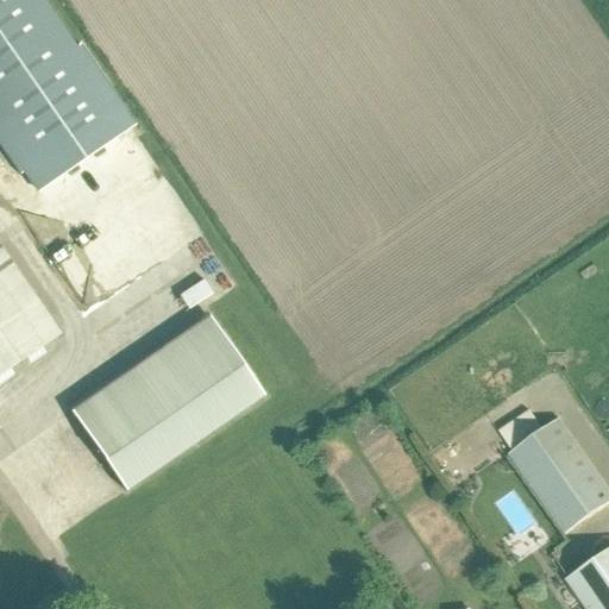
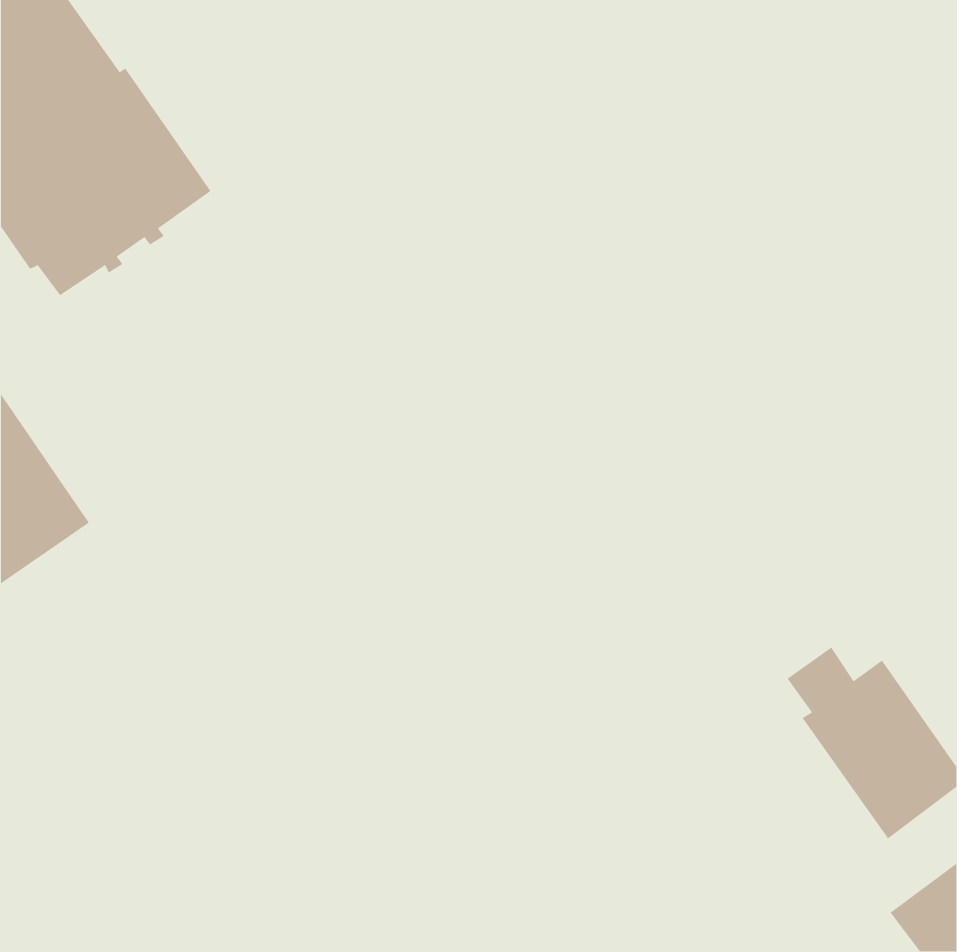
building: [70,315,262,488] -> none

